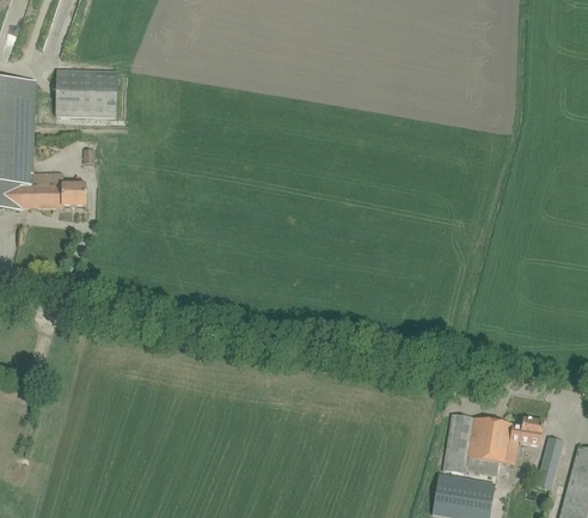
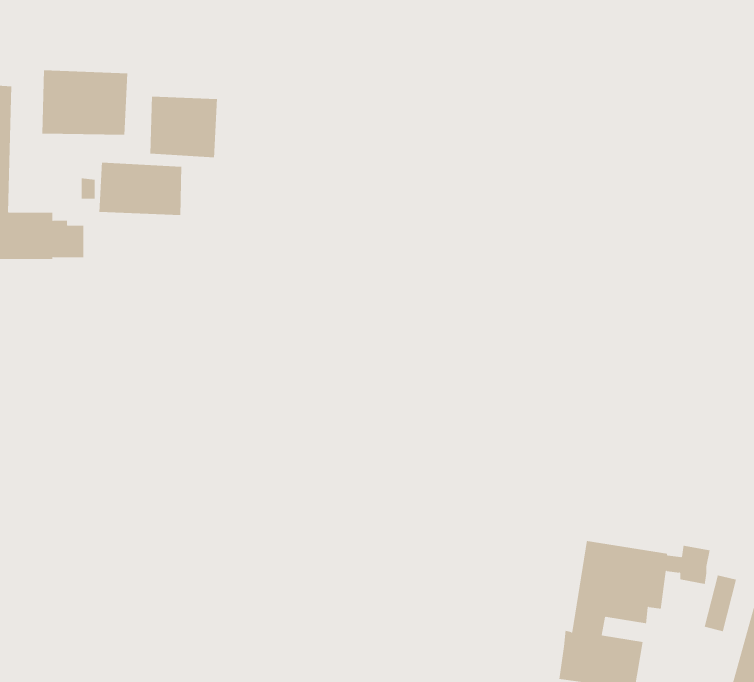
building: none -> [150,96,217,158]
building: none -> [99,162,182,216]

